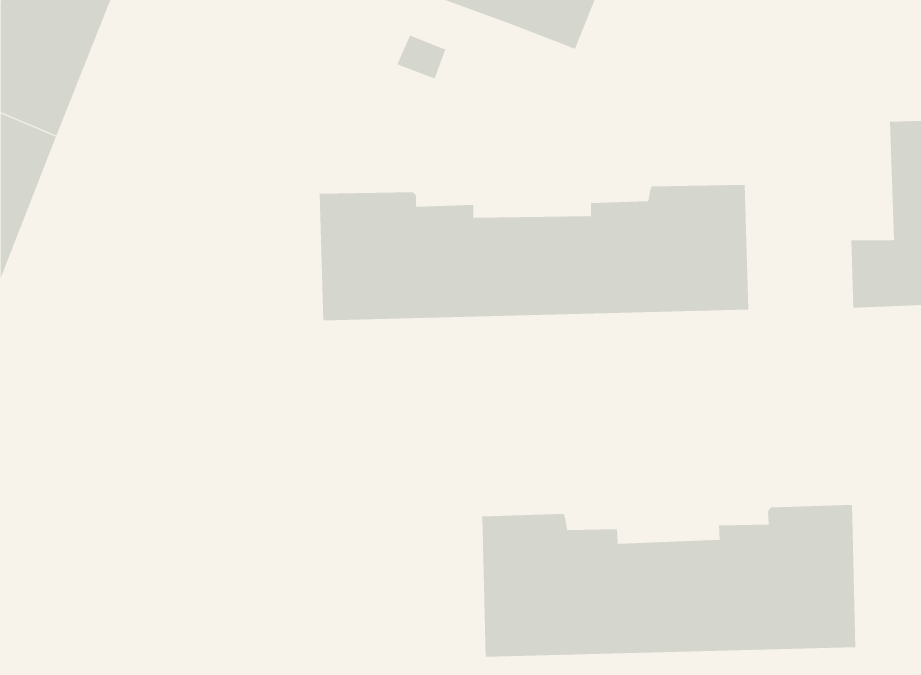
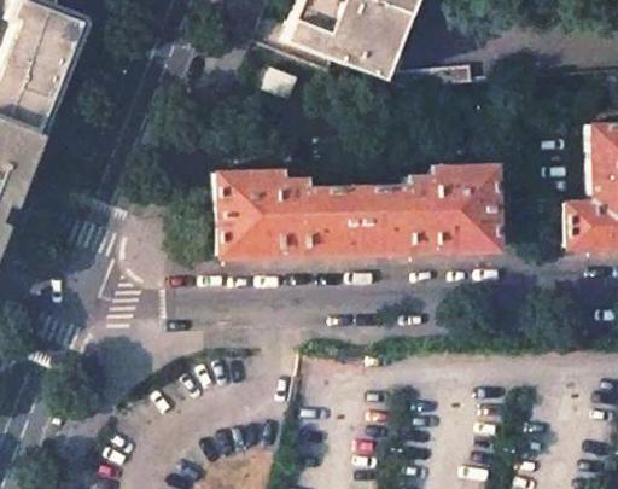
building: [482,504,856,658] -> none

